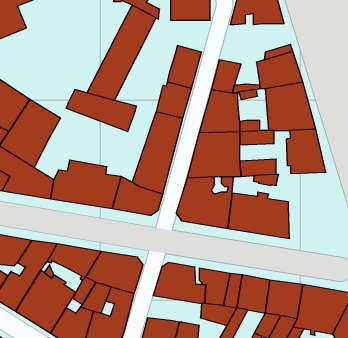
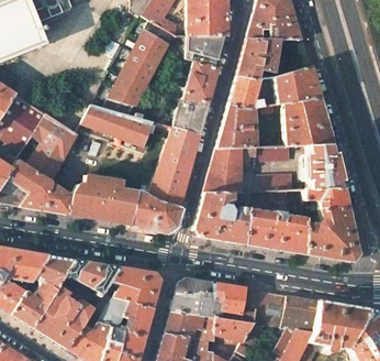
building: none -> [187,36,227,68]
building: none -> [236,40,280,80]
building: none -> [304,188,359,262]
building: none -> [165,311,219,341]

